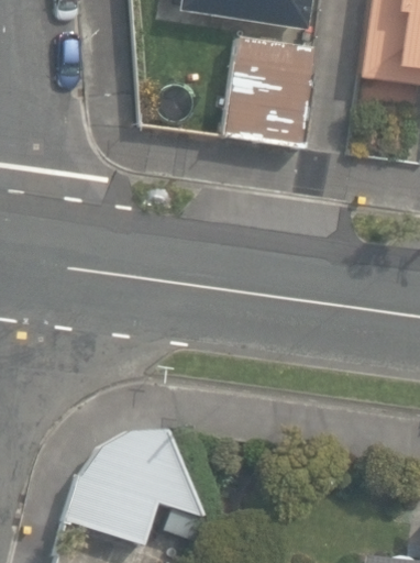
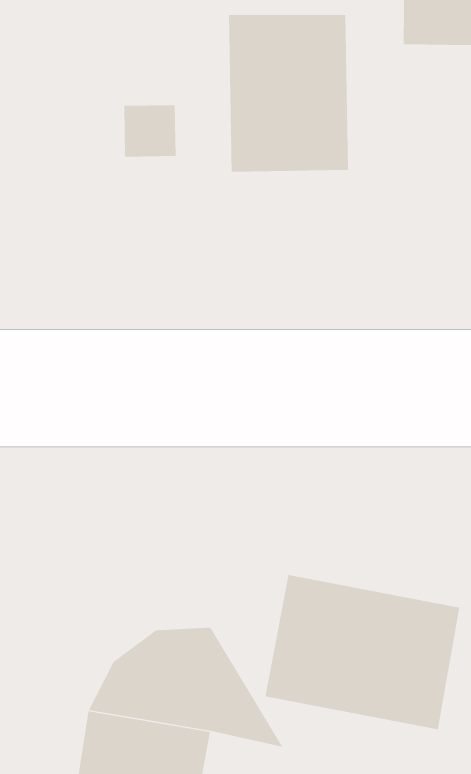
building: none -> [264,574,460,730]

